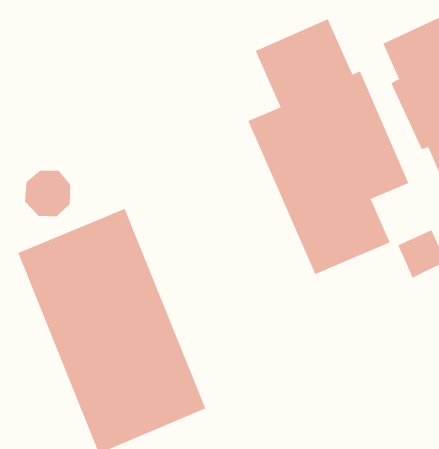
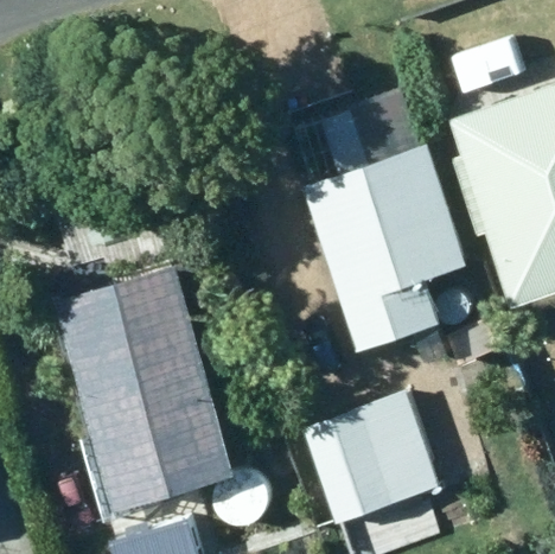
building: none -> [302,390,435,521]

